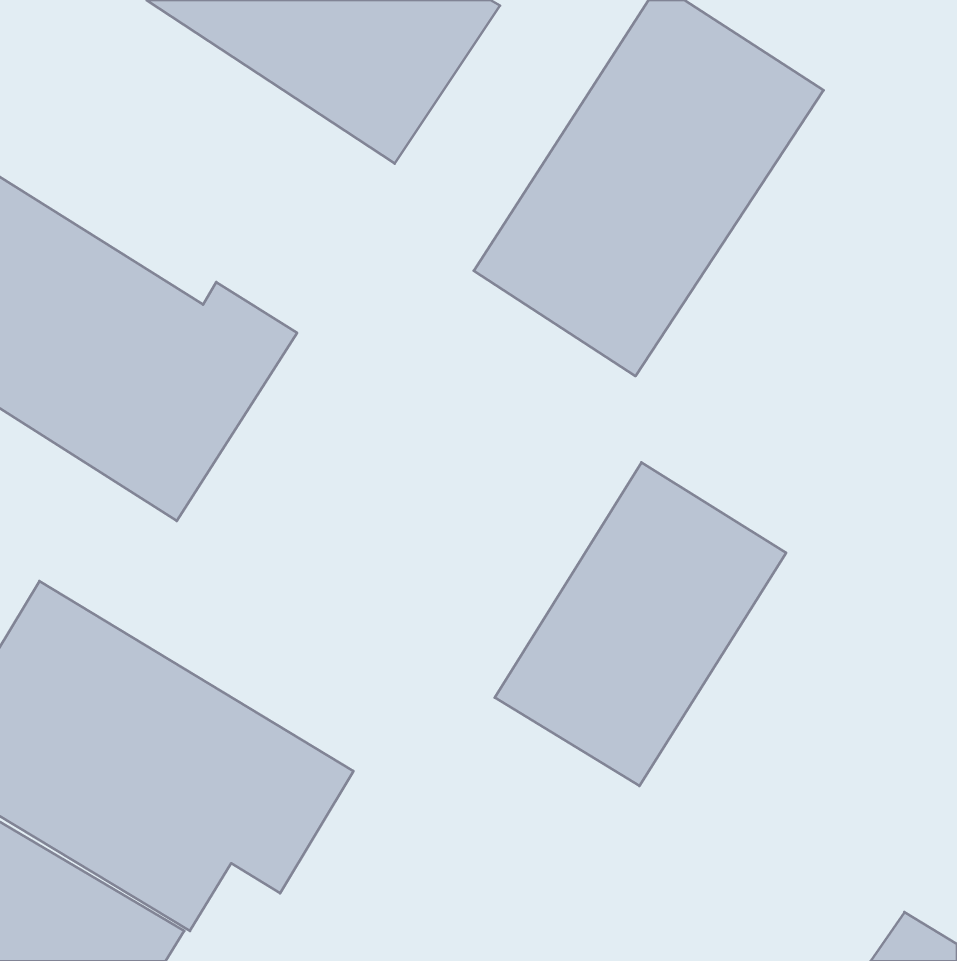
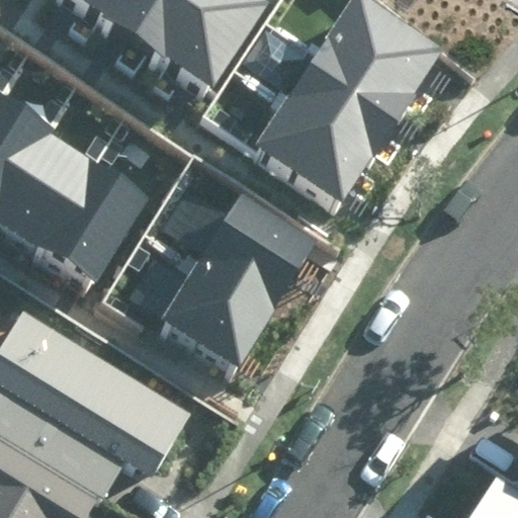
building: [495,462,786,786] -> [159,193,316,367]

